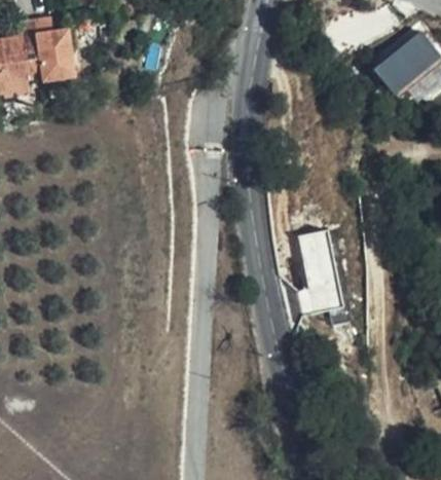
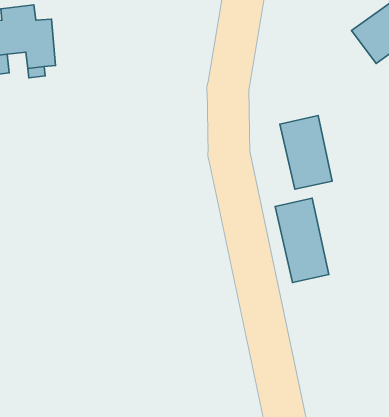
building: none -> [280,116,332,189]

